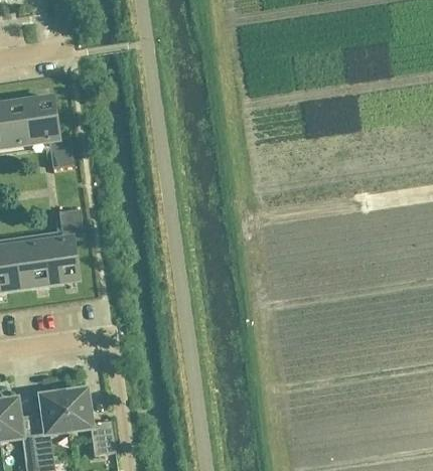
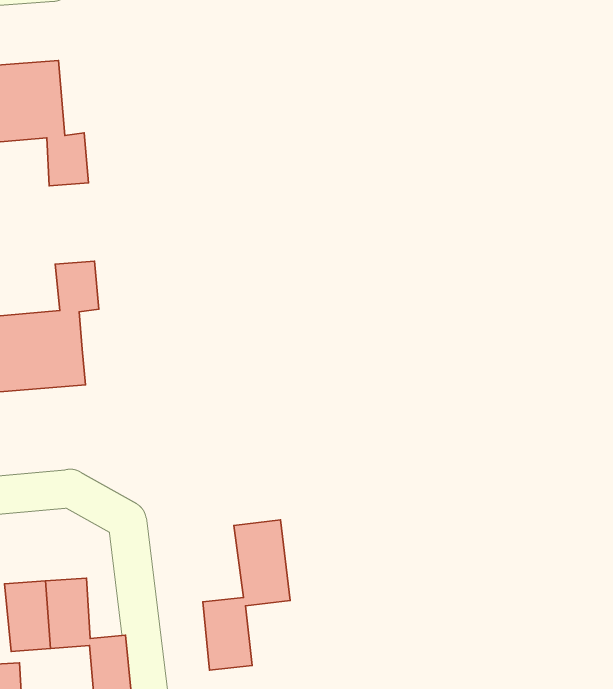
building: none -> [203,520,290,670]

